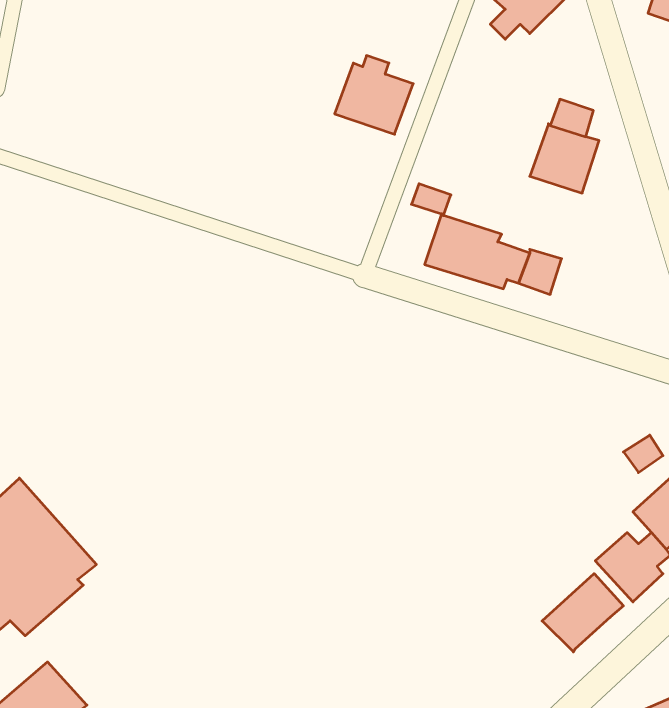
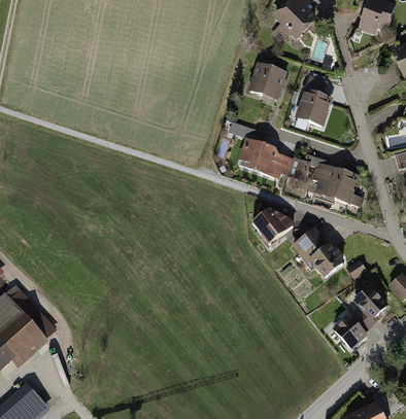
building: [335,56,413,134] -> [243,57,286,100]
building: none -> [312,163,364,208]
building: none -> [253,209,294,244]
building: none -> [294,230,343,277]
building: [542,574,623,652] -> none

